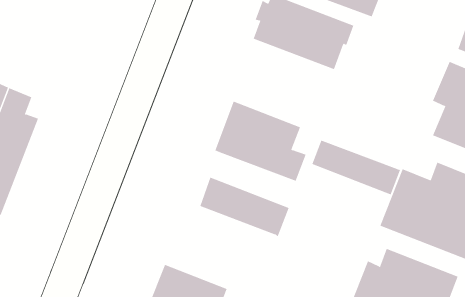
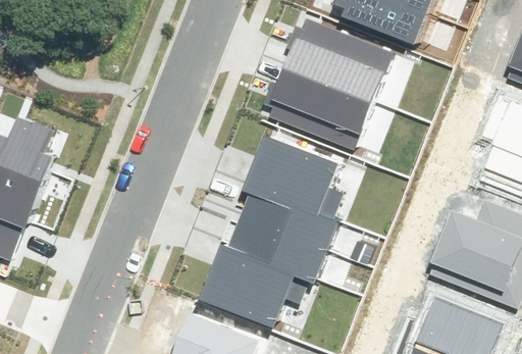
building: none -> [265,66,374,150]
building: [311,140,401,195] -> [239,190,335,250]
building: none -> [201,245,310,325]

